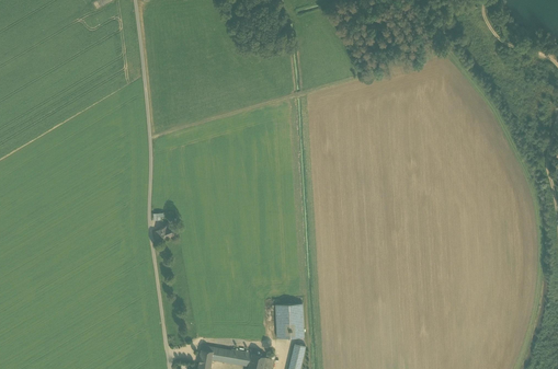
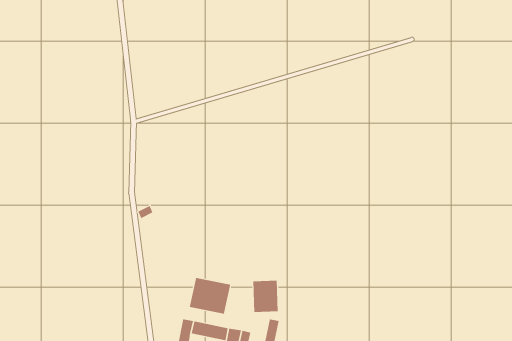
building: none -> [189,277,231,315]

